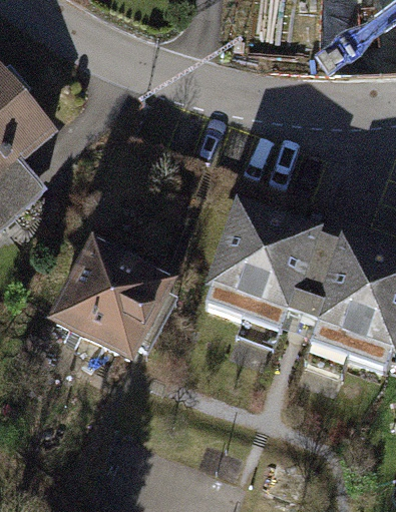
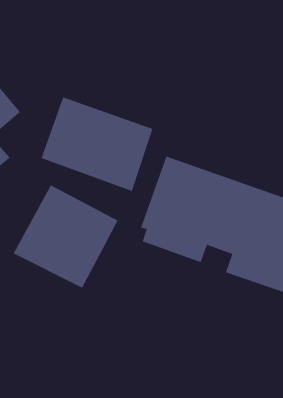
building: none -> [41,97,153,192]

